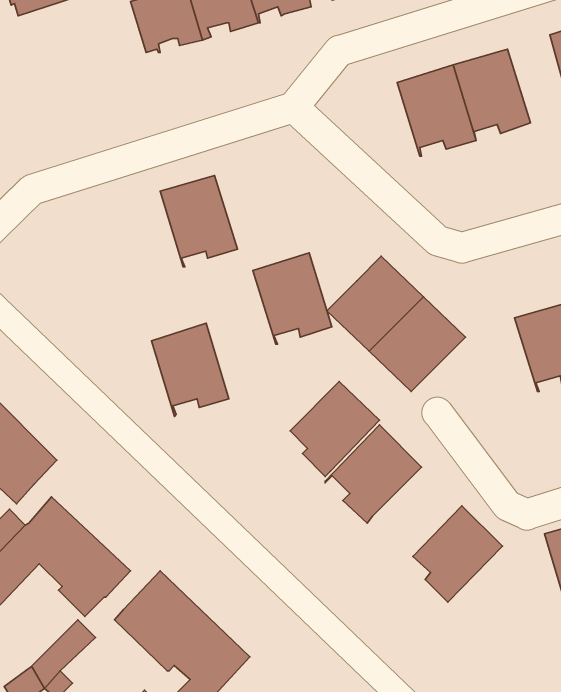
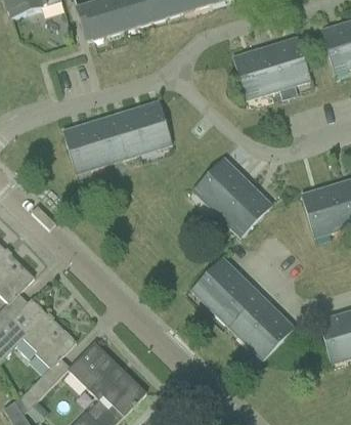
building: [253,253,332,344] -> [126,100,172,154]
building: [152,323,229,416] -> [62,120,107,174]
building: [290,382,380,476] -> [218,281,270,336]

